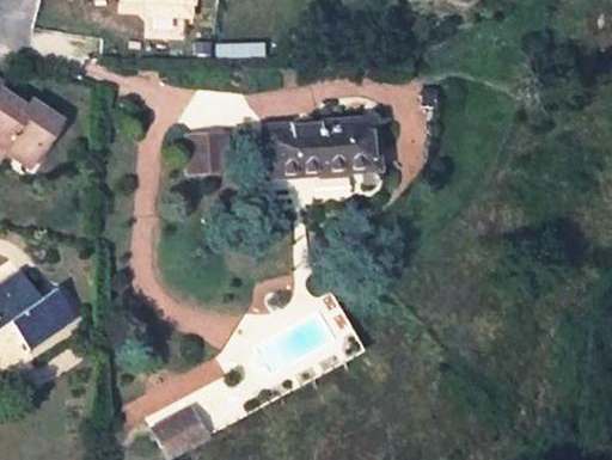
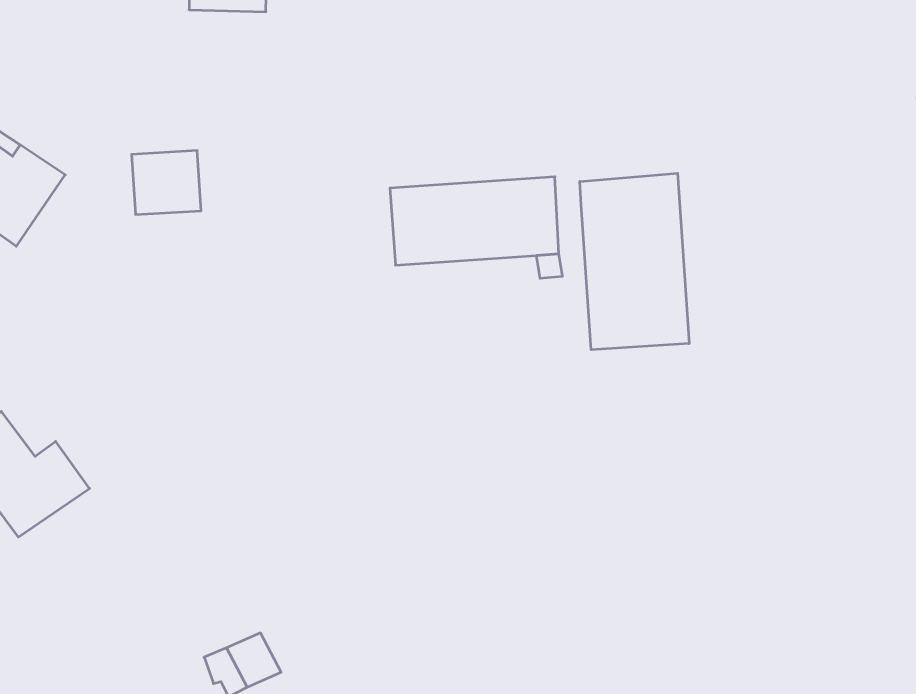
building: none -> [580,173,689,350]
building: [182,131,226,172] -> [132,151,201,214]

